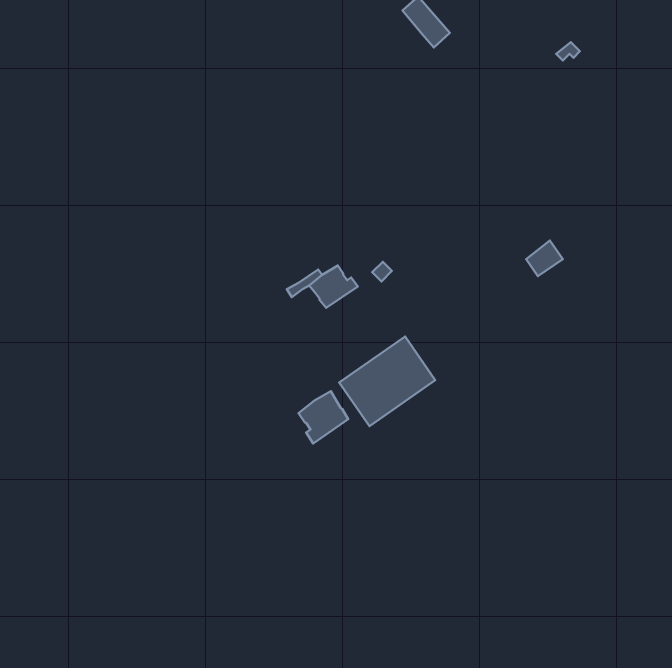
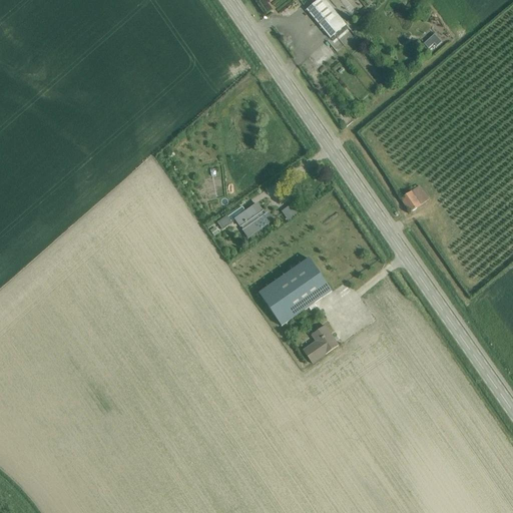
building: [299,391,348,444] -> none
building: none -> [303,324,339,362]

